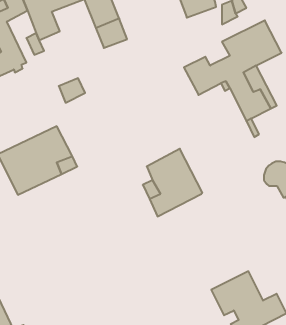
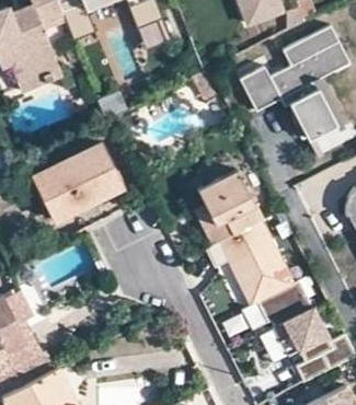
building: none -> [205,220,312,327]

